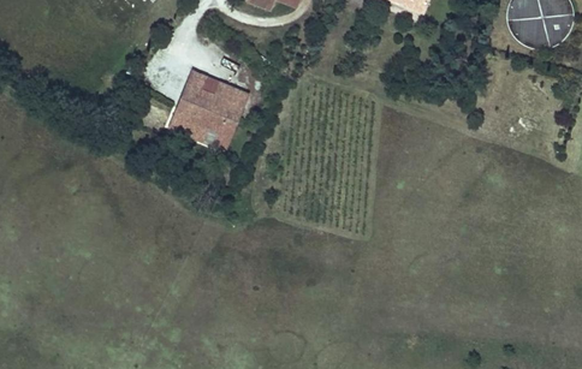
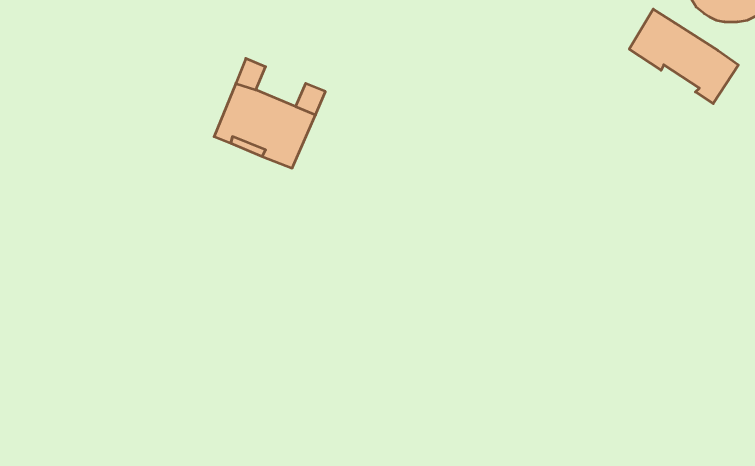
building: none -> [629,9,738,104]

